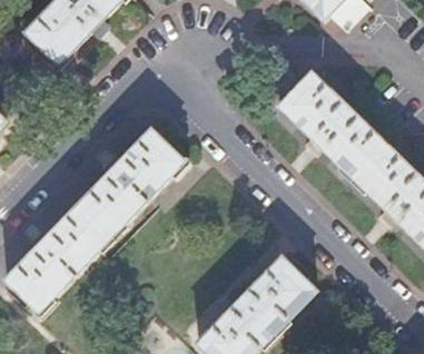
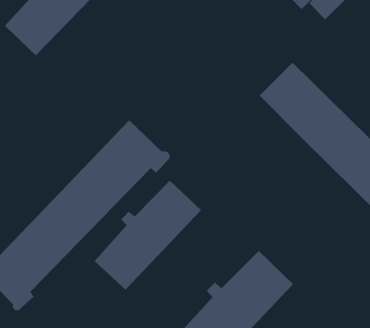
building: none -> [94,180,202,291]

